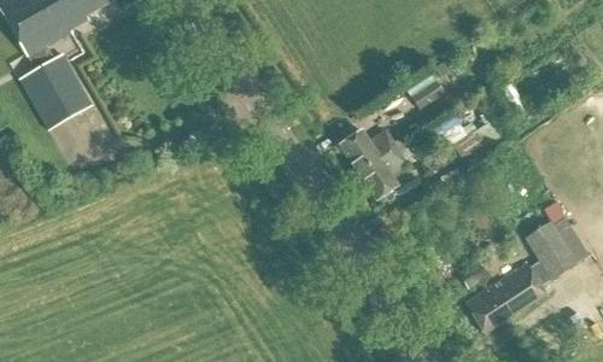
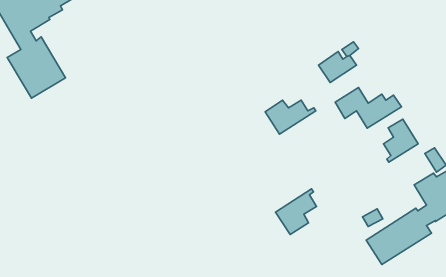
building: [357,144,408,200] -> [275,189,316,235]
building: none -> [383,119,418,162]

